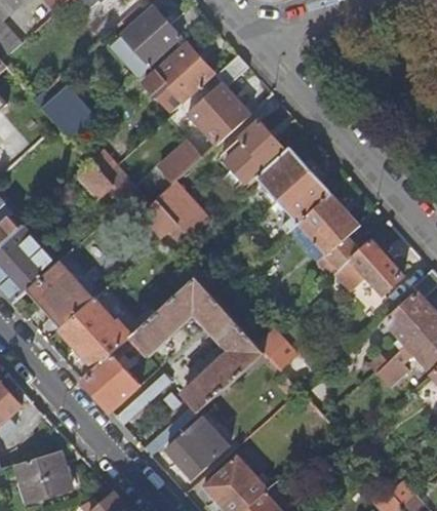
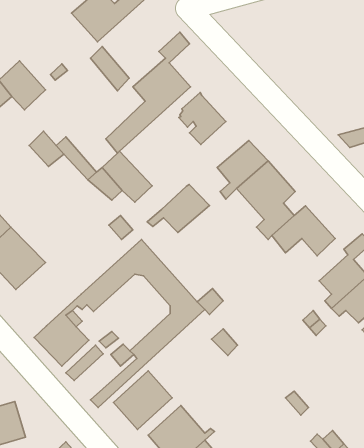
building: [154,44,214,105] -> none
building: [244,149,311,200] -> [147,184,209,232]
building: [59,300,131,369] -> none

